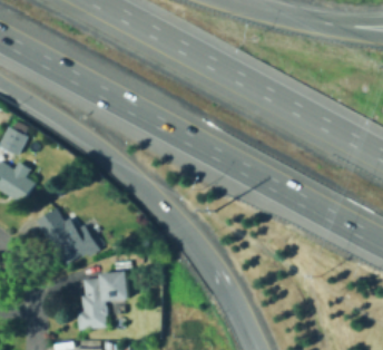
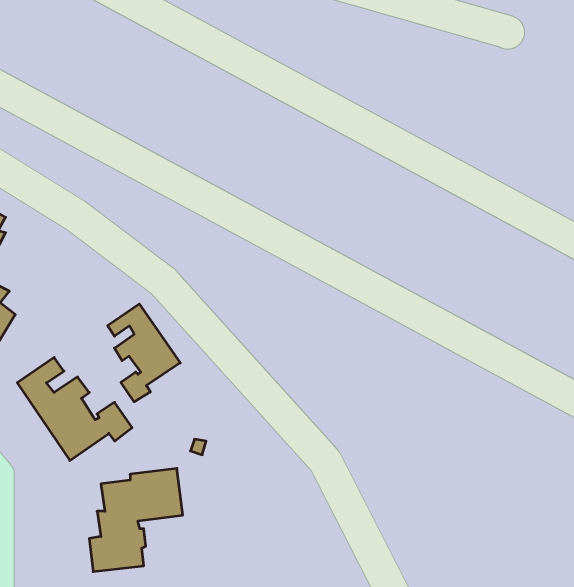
building: none -> [108,304,180,402]

